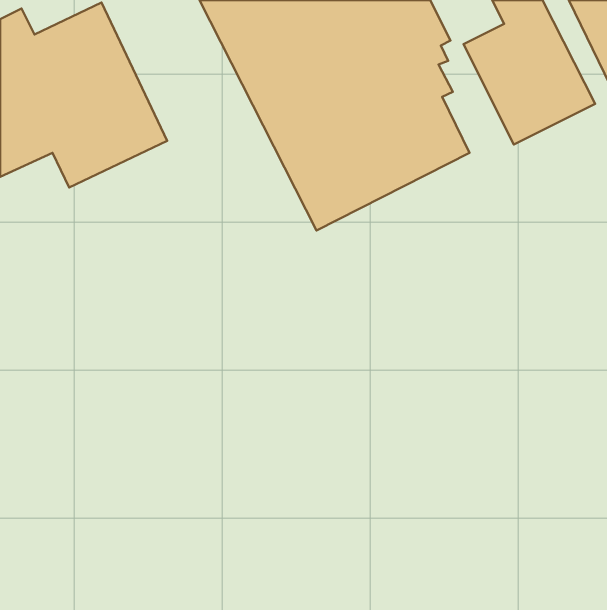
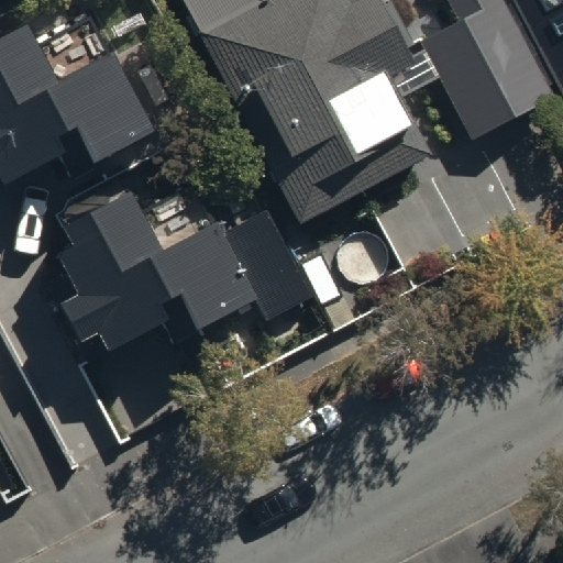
building: none -> [51,177,255,356]

